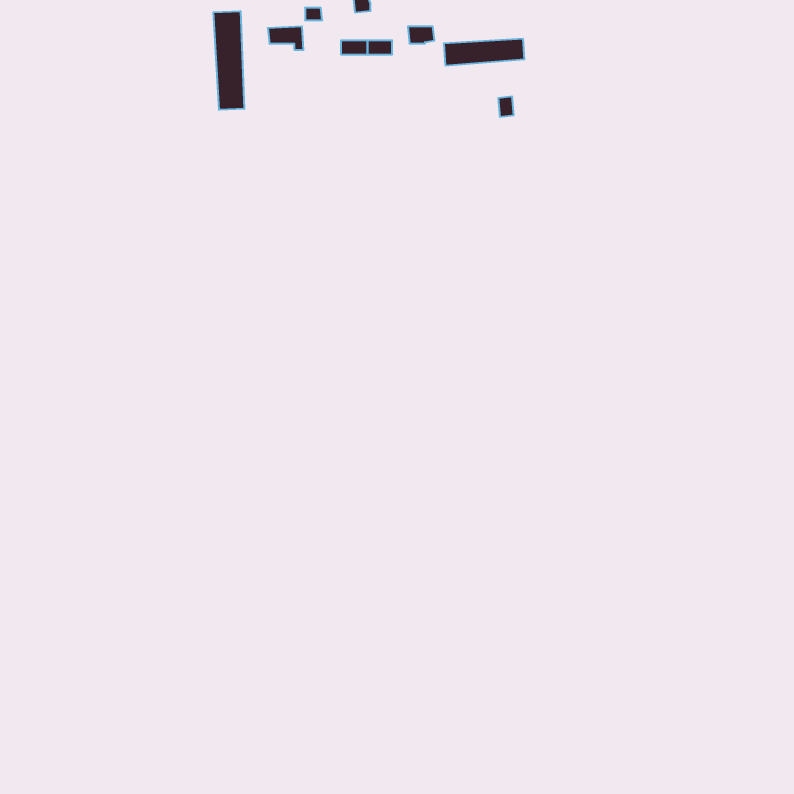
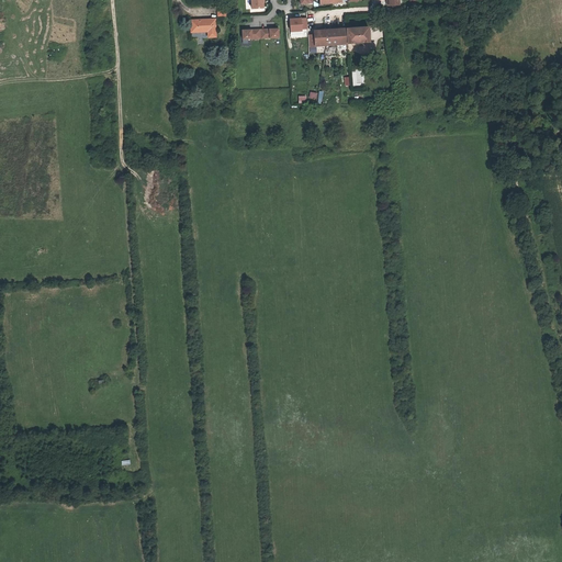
building: [213,11,244,110] -> none

